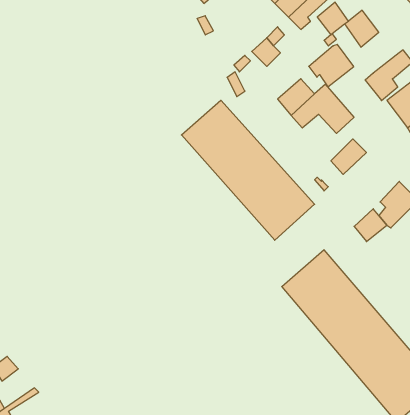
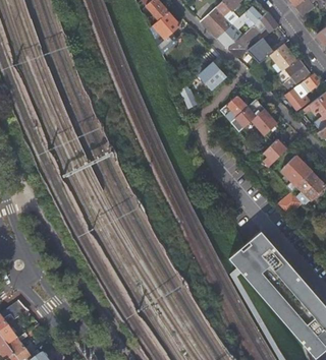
building: [309,44,354,87] -> [277,59,311,91]
building: [181,100,315,240] -> none
building: none -> [281,156,311,191]

